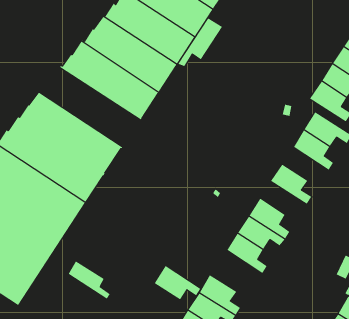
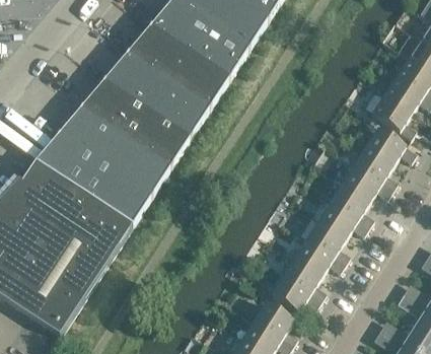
building: [178,17,223,67] -> none
building: none -> [82,78,192,164]
building: none -> [342,163,392,200]
building: none -> [318,200,369,236]
building: [68,260,111,300] -> none
building: [154,265,201,300] -> [271,274,321,311]

